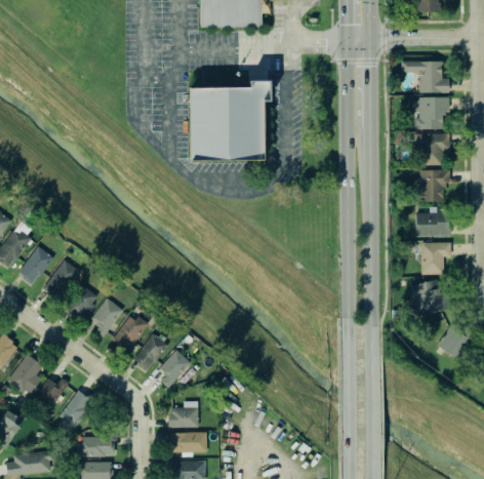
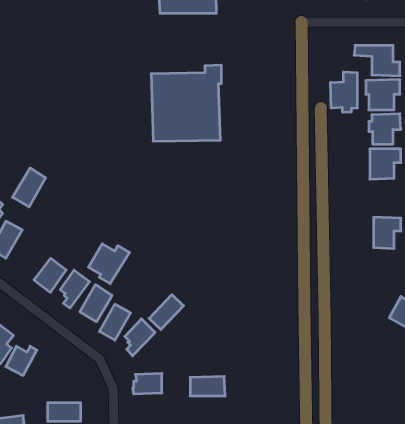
building: none -> [331,72,357,112]
building: [416,207,451,235] -> none
building: [45,258,80,300] -> [12,168,46,207]
building: none -> [88,244,130,284]
building: [409,278,447,317] -> none
building: none -> [149,295,184,330]
building: [57,389,93,433] -> none
building: [171,431,208,451] -> [190,376,225,396]

